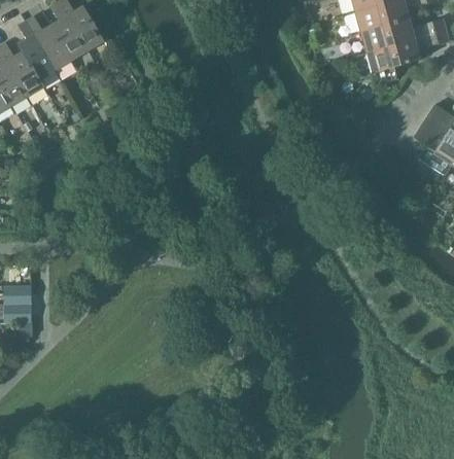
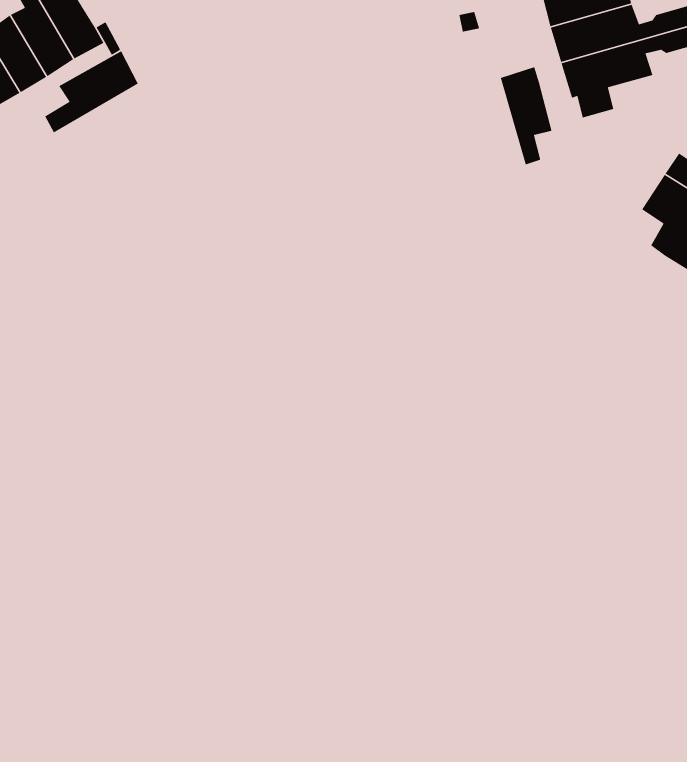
building: none -> [44,50,139,134]
building: none -> [500,66,552,166]

